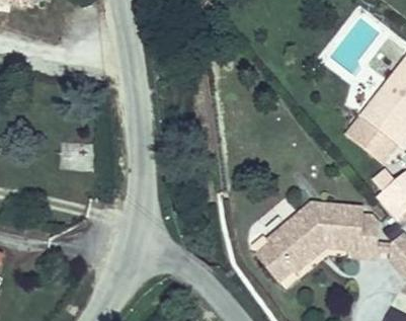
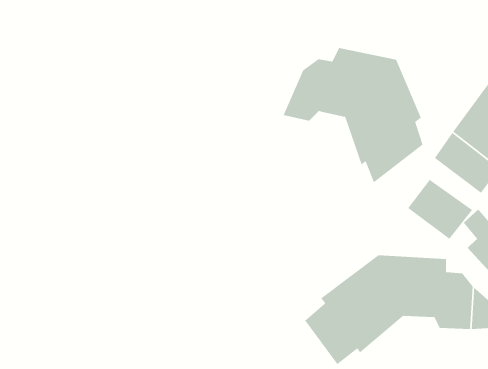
building: none -> [282,47,423,184]
building: none -> [407,179,473,240]

